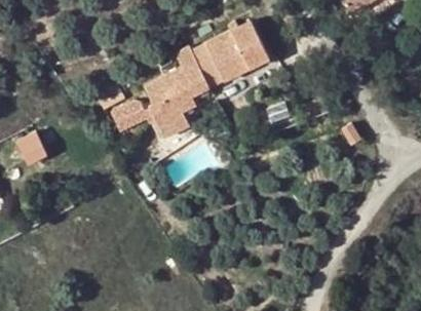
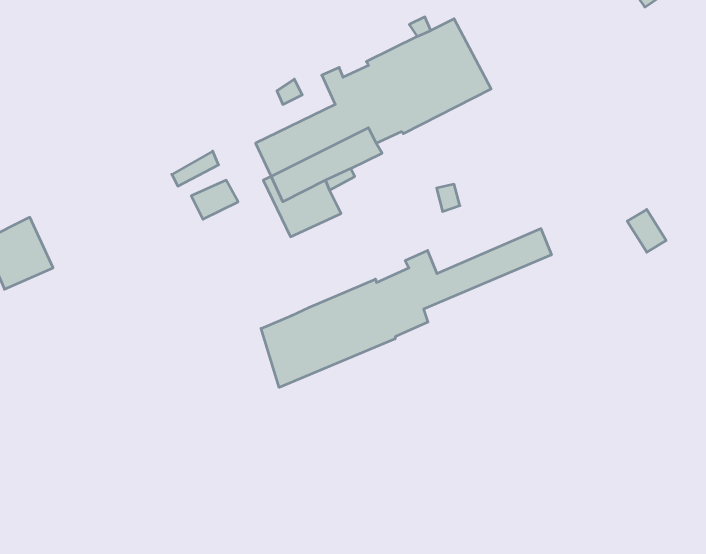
building: none -> [261,229,551,387]

